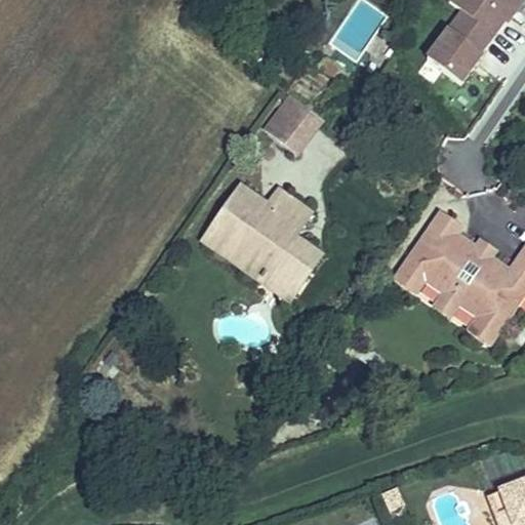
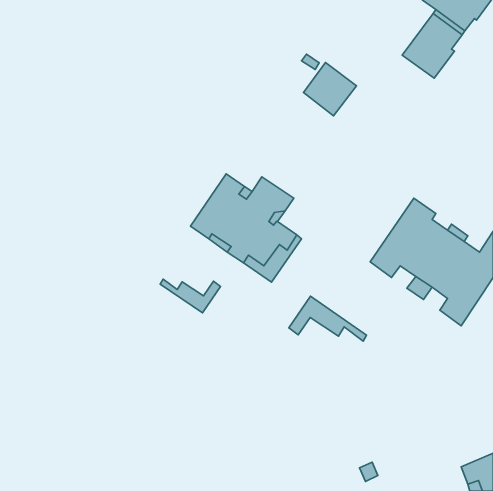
building: [266,95,322,152] -> [303,63,357,116]
building: none -> [160,279,220,313]
building: none -> [289,296,367,341]

